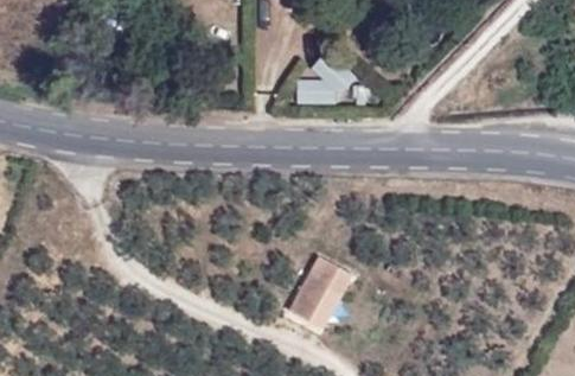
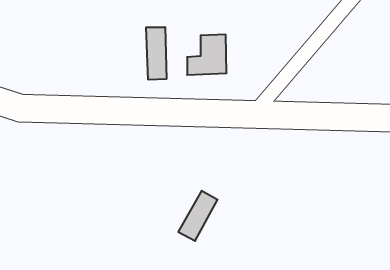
building: none -> [146,27,166,80]

